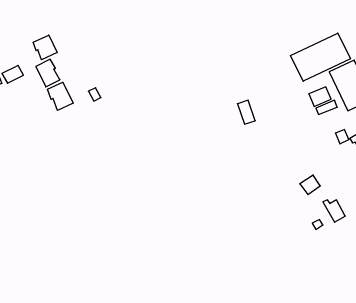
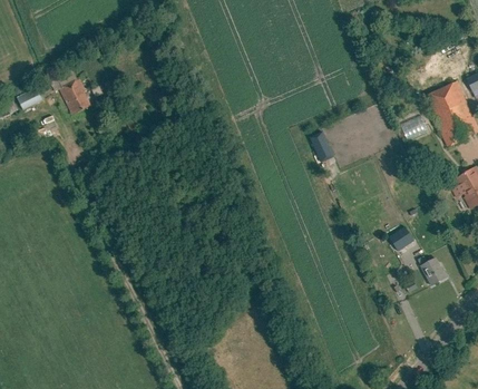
building: [290,33,350,81] -> none
building: [33,35,57,60] -> none
building: [47,82,73,110] -> none

